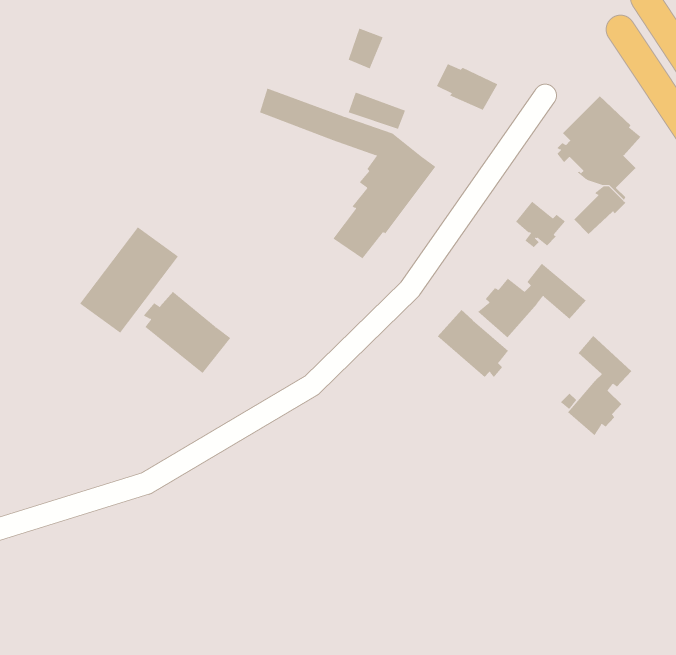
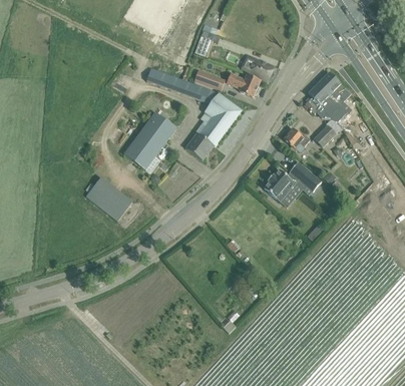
building: none -> [228,73,261,96]
building: [79,226,179,334] -> [123,112,176,169]
building: [437,309,509,378] -> none
building: [567,335,632,436] -> none

